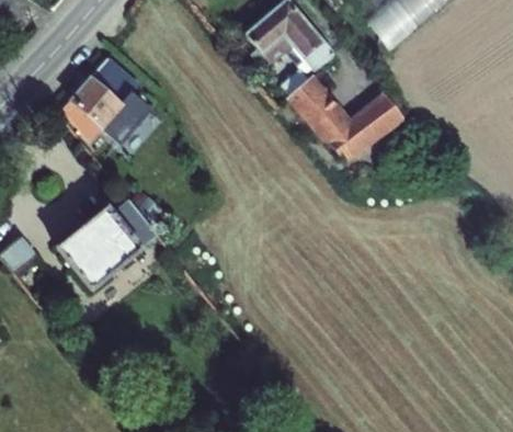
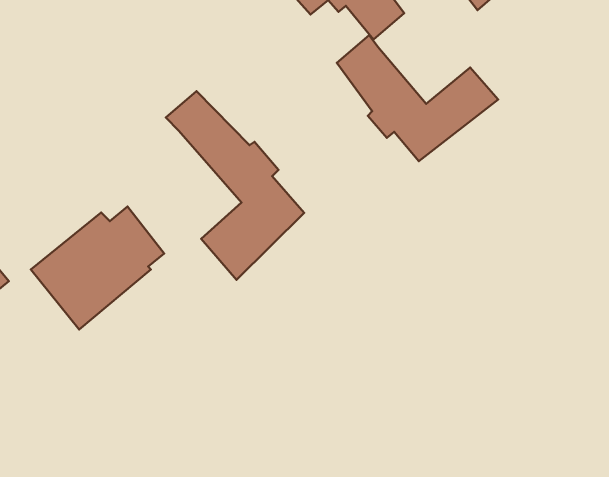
building: [61,56,148,141] -> none
building: none -> [166,91,304,280]

